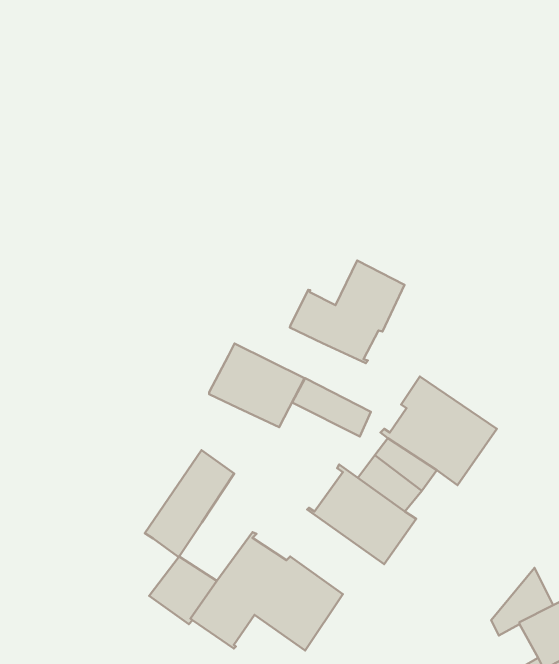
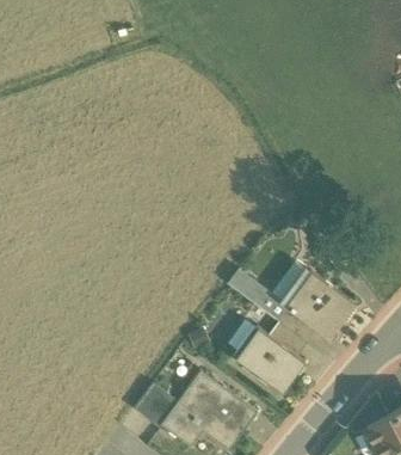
building: [290,260,405,363] -> none
building: [209,343,305,427] -> none
building: [145,450,234,557] -> none

